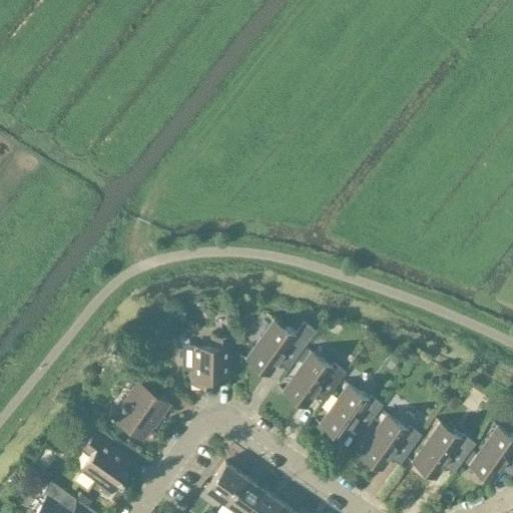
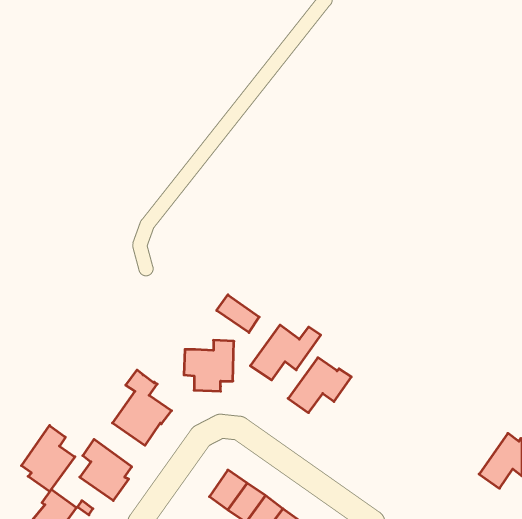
building: none -> [217,295,259,333]
building: [320,386,382,441] -> none
building: [359,416,420,470] -> none
building: none -> [21,425,75,492]
building: [412,424,474,479] -> none

